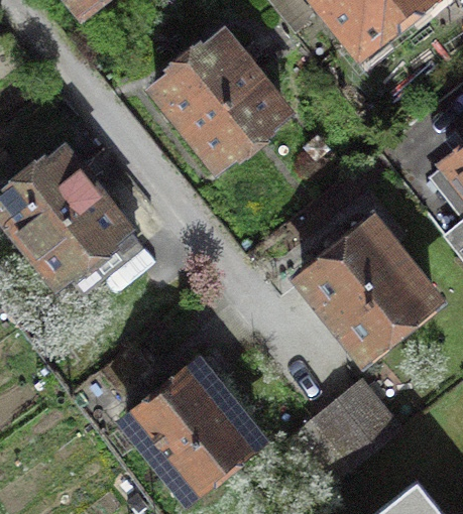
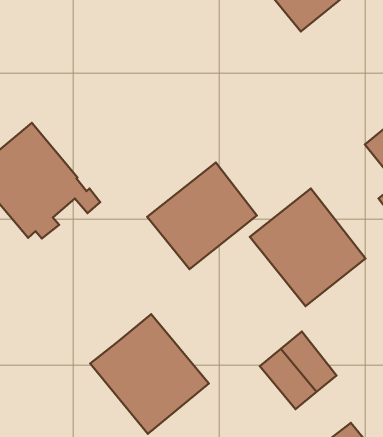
building: [156,35,283,164] -> none
building: none -> [147,162,257,269]

